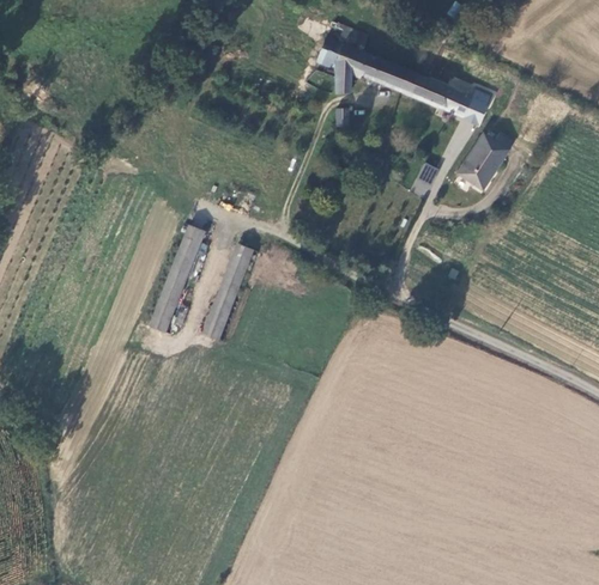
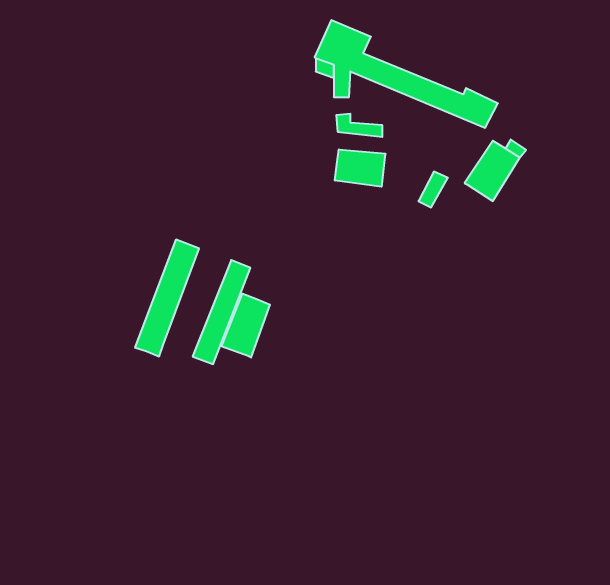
building: none -> [335,149,385,187]
building: none -> [222,294,270,358]

